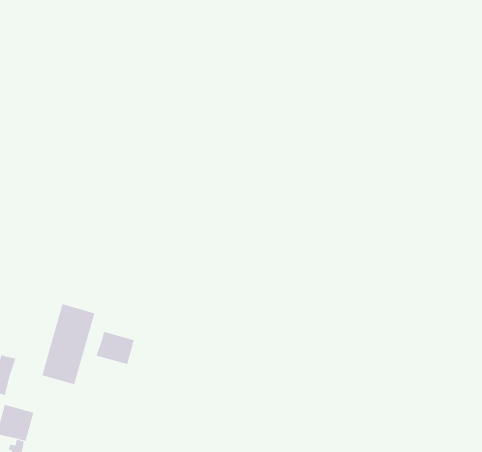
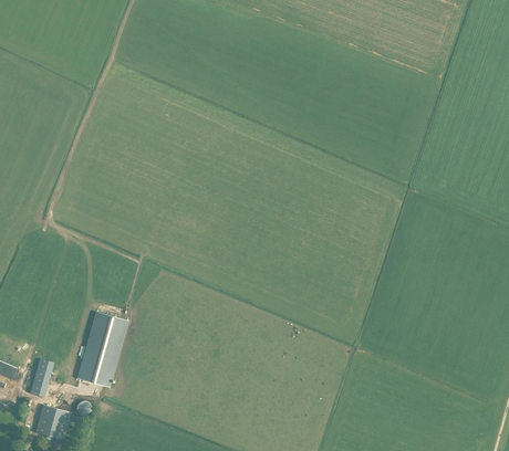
building: [96,331,134,365] -> none

